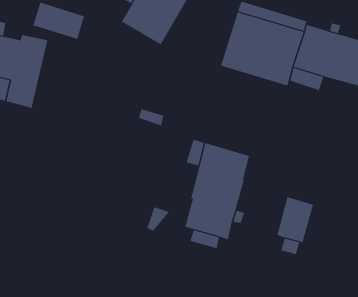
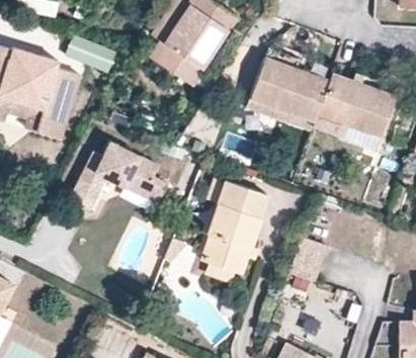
building: none -> [69,146,169,209]

